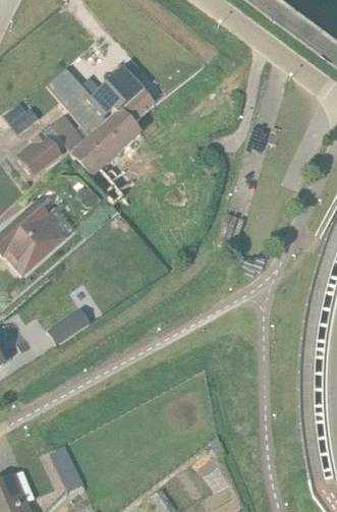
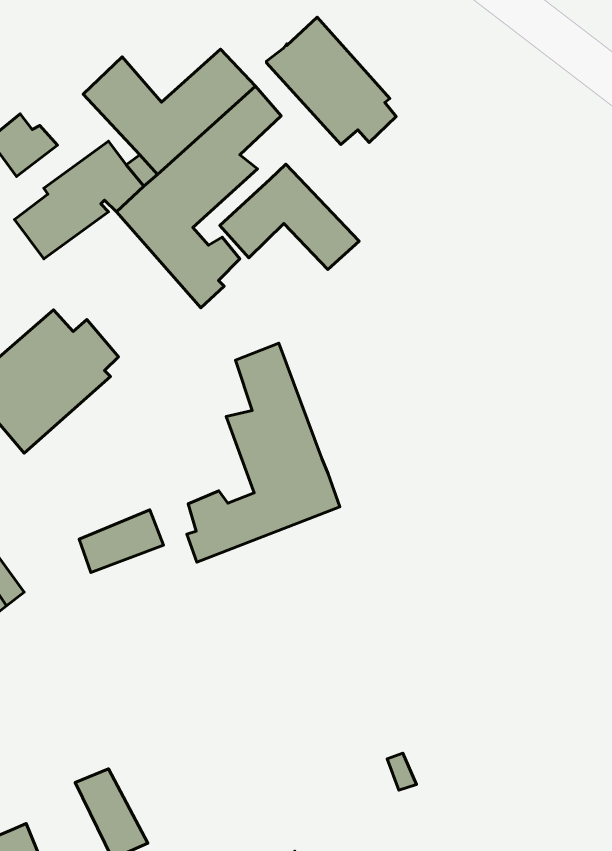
building: none -> [266,17,396,144]
building: none -> [220,164,359,269]
building: none -> [187,343,340,562]

